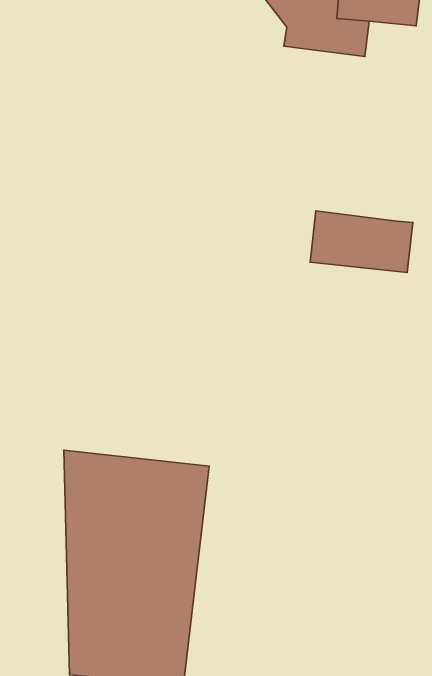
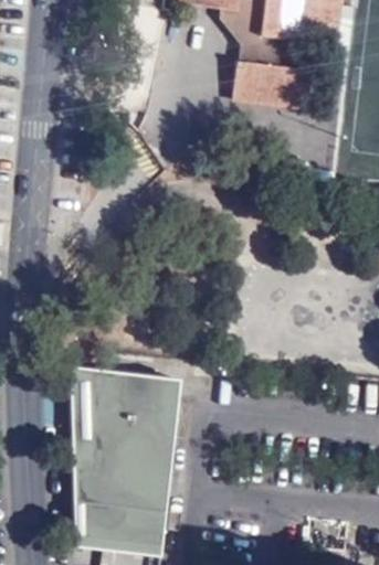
building: [310,211,413,272] -> [232,62,309,108]

